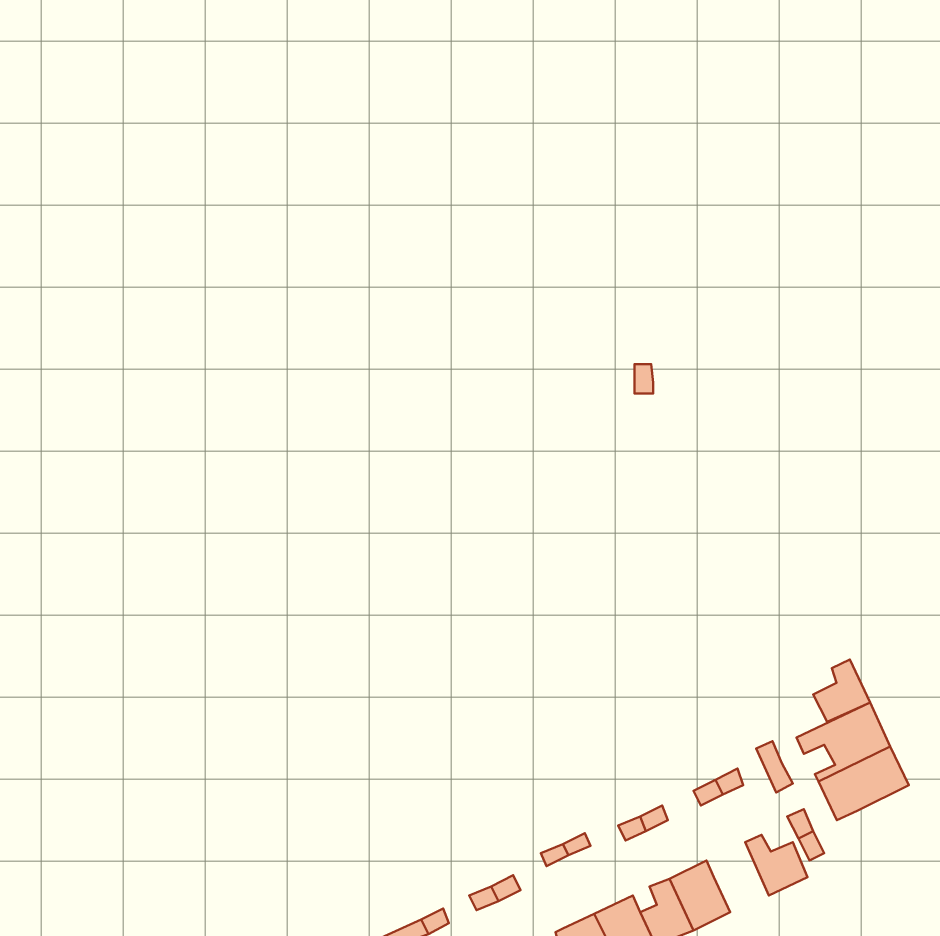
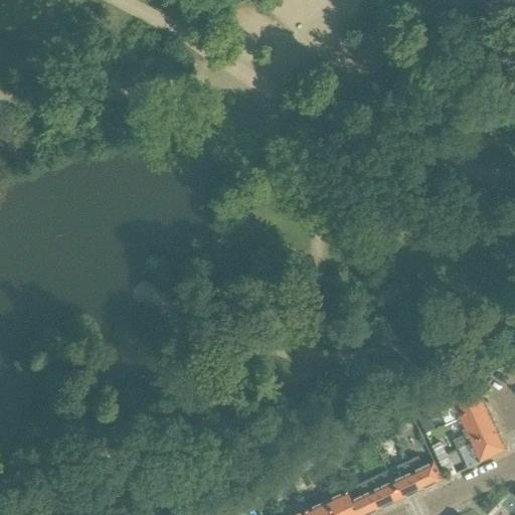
building: [813,660,870,722] -> none
building: none -> [469,432,506,465]
building: none -> [390,463,420,501]

